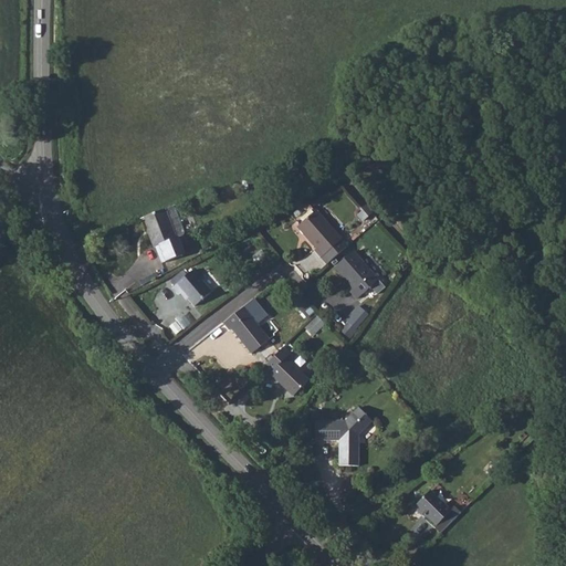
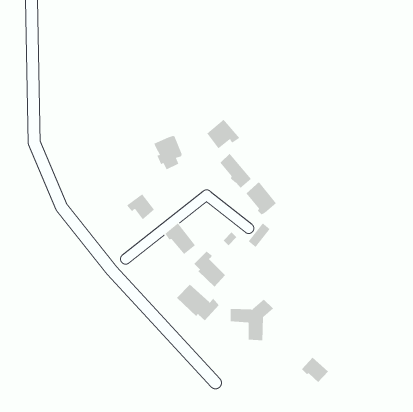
building: none -> [207,119,240,149]
building: [146,209,186,256] -> [153,135,183,170]
building: none -> [176,284,219,321]

